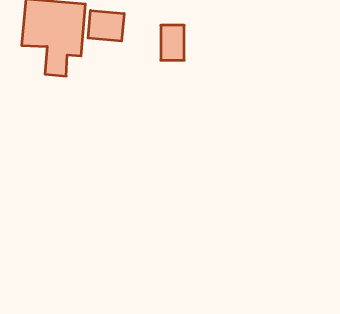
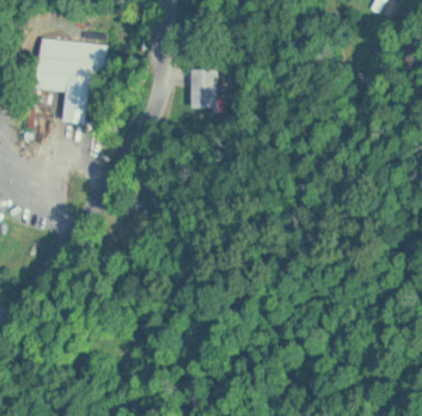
building: [88,10,124,41] -> none

